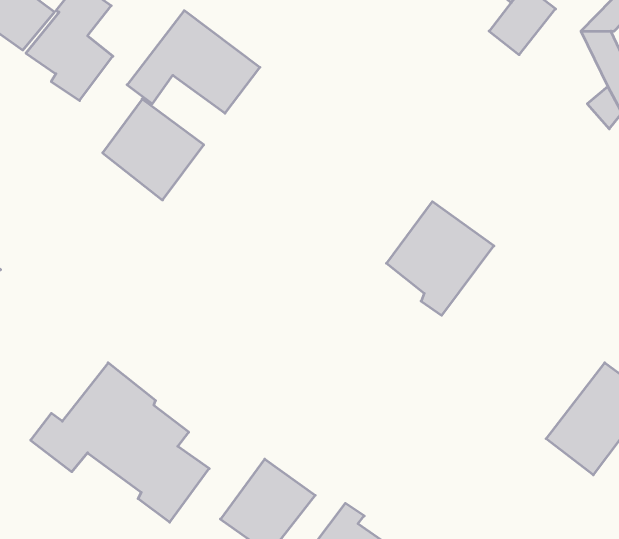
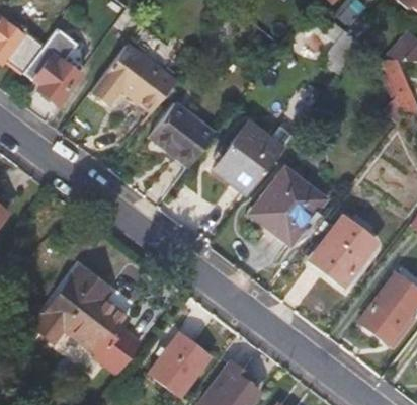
building: [103,99,204,200] -> [151,102,216,167]
building: none -> [211,119,284,196]
building: none -> [312,217,378,285]

